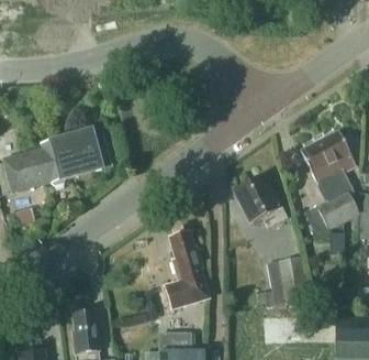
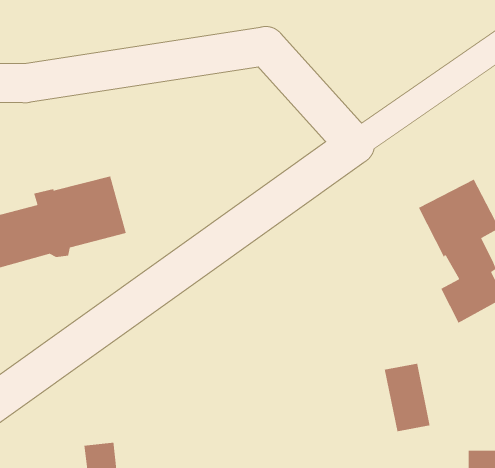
building: [232,173,286,228] -> none
building: [164,230,206,309] -> none

